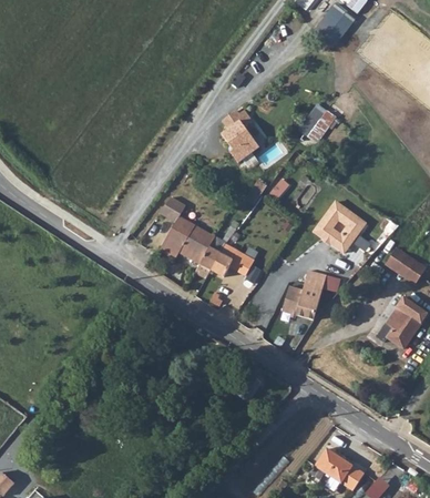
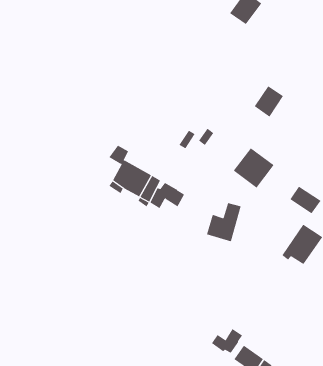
building: [300,102,338,142] -> [254,86,284,118]
building: [222,110,259,162] -> none
building: none -> [211,328,243,353]

